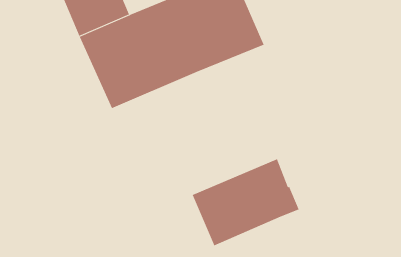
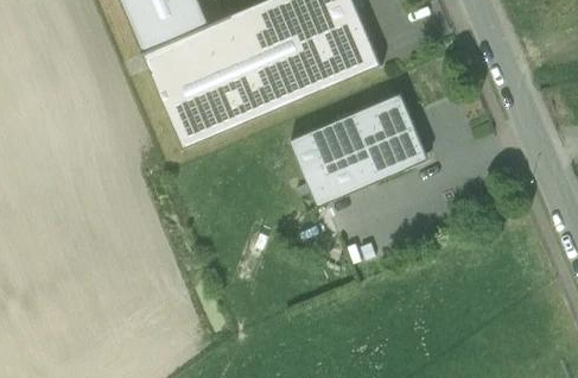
building: [192,158,299,246] -> [288,93,428,207]

